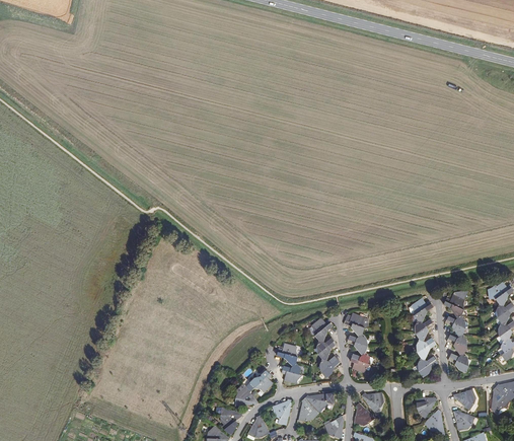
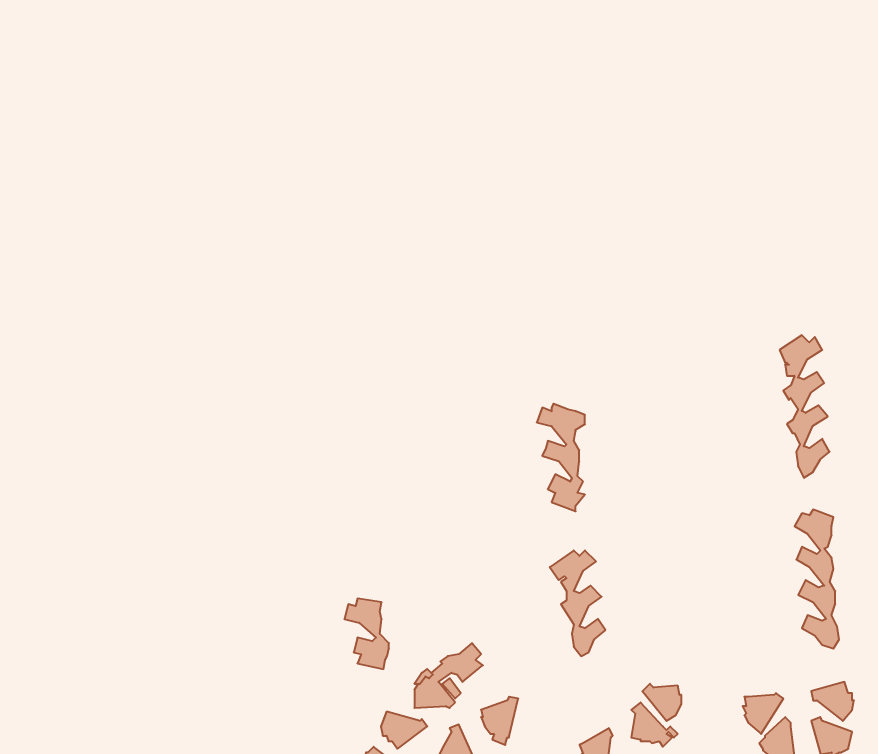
building: [411,299,438,377] -> [780,335,830,478]
building: [343,314,369,373] -> [537,404,585,511]
building: [276,344,300,382] -> [344,599,389,669]
building: [298,392,327,422] -> none

